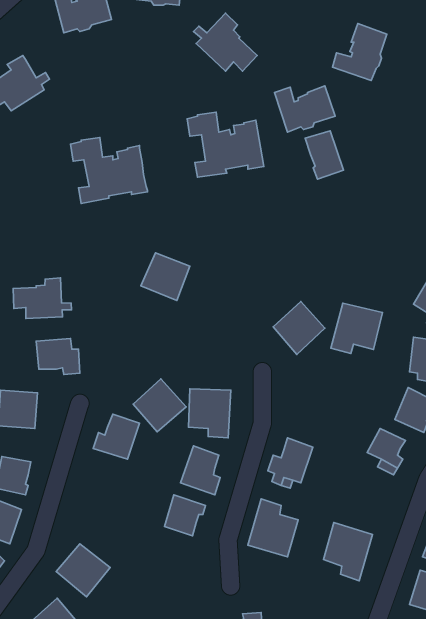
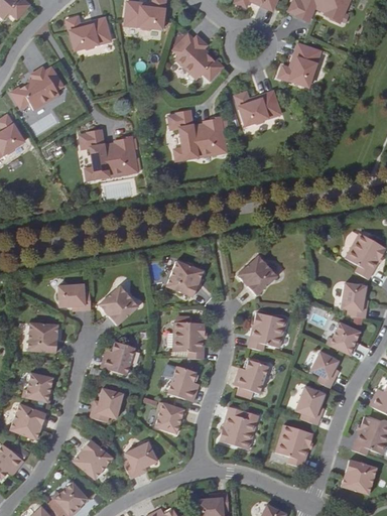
building: [305,131,343,179] -> none
building: [141,253,190,300] -> [165,260,203,296]
building: [13,278,72,319] -> none
building: [331,303,383,353] -> [247,312,286,351]
building: [133,379,186,432] -> [98,285,138,326]
building: none -> [294,385,324,424]
building: none -> [89,388,122,421]
building: none -> [123,441,157,478]

